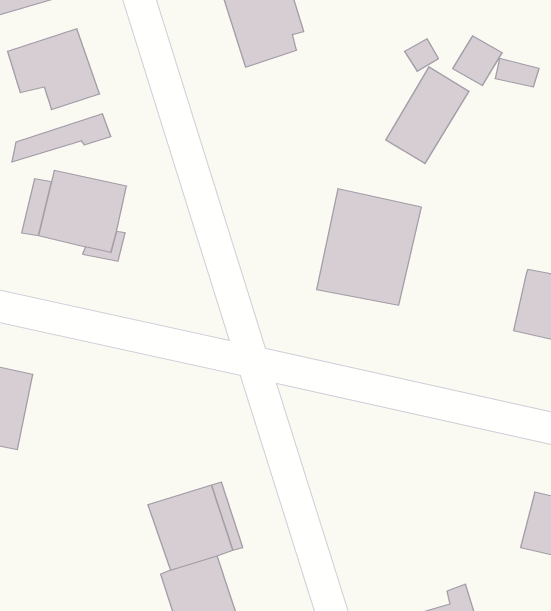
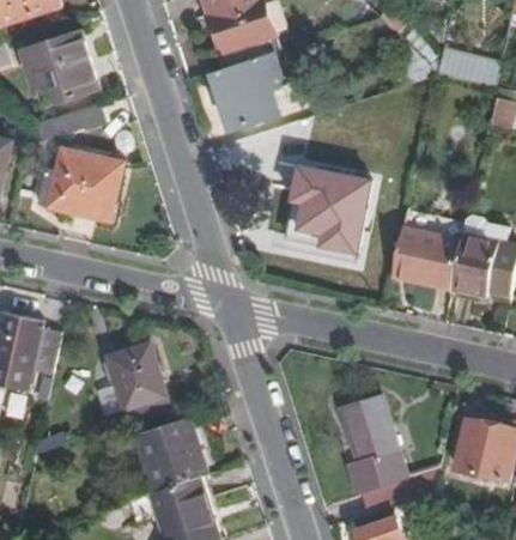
building: none -> [213,49,281,125]
building: [386,67,469,164] -> none
building: none -> [391,224,460,286]
building: none -> [109,348,169,412]
building: none -> [340,399,415,509]

